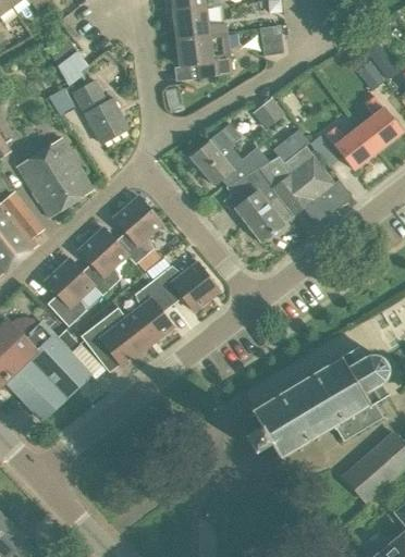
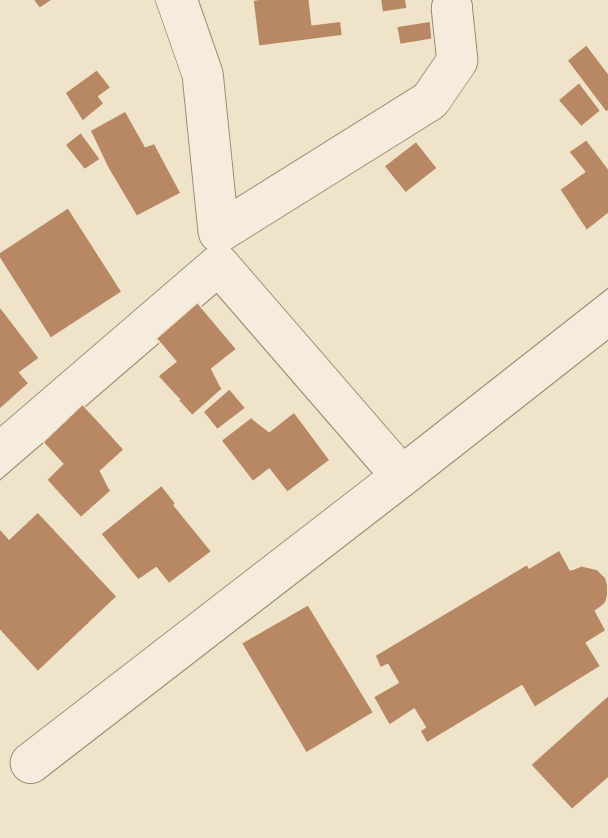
building: [175,33,232,77] -> none
building: [189,123,244,185] -> none
building: [324,125,375,169] -> none
building: [225,132,352,240] -> none
building: [78,226,127,295] -> none
building: [124,278,172,346] -> none
building: none -> [241,604,374,753]

